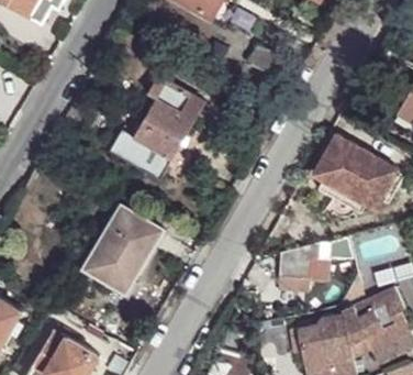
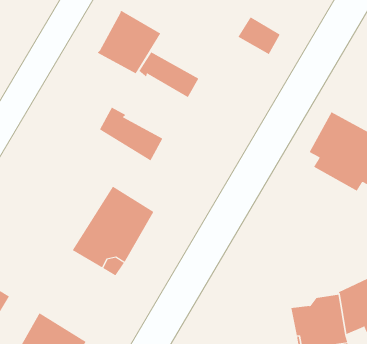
building: [133,99,196,162] -> [97,10,161,74]
building: [276,238,326,289] -> none

